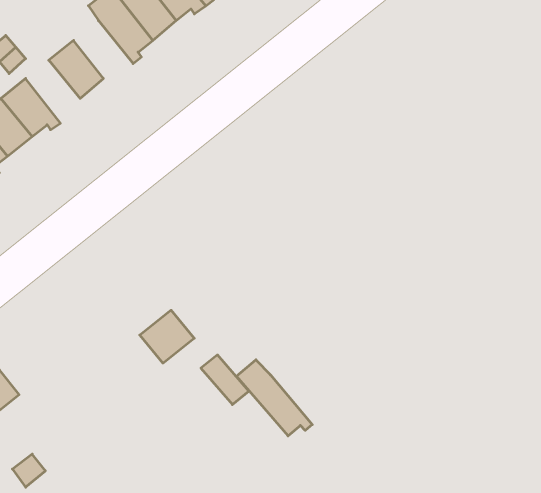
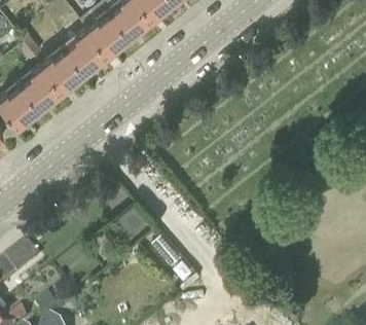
building: none -> [73,29,110,65]
building: none -> [43,53,77,93]
building: [237,360,312,436] -> none

